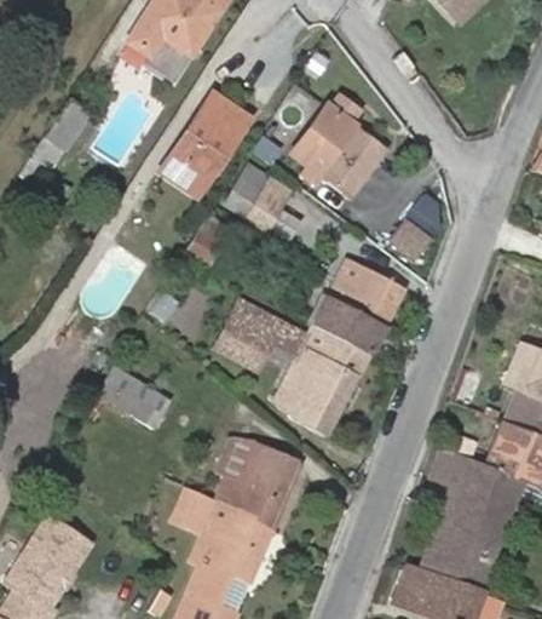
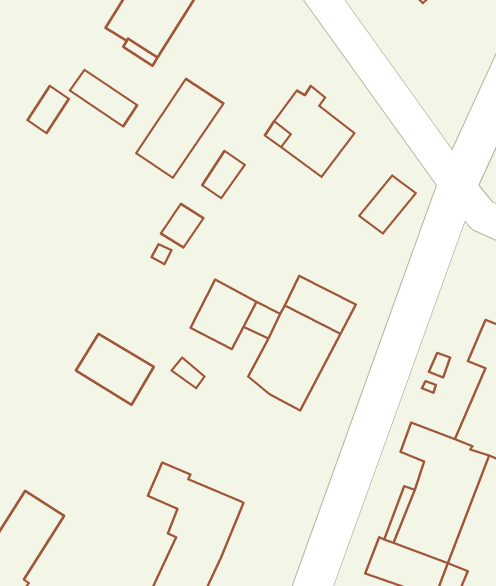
building: none -> [70,70,137,127]
building: [327,262,402,326] -> none
building: [213,440,298,529] -> none

